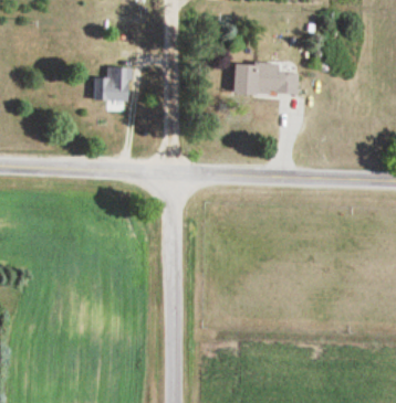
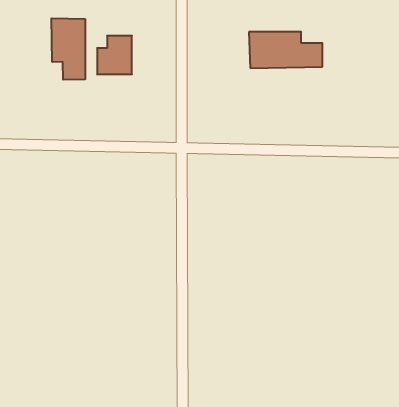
building: none -> [51,18,85,80]

